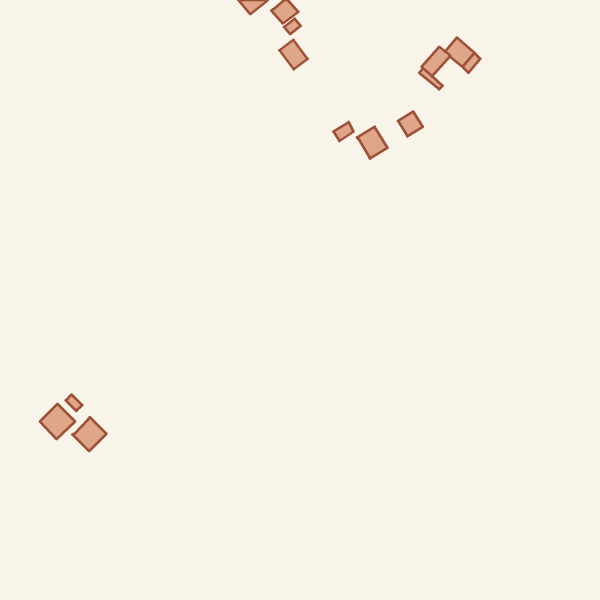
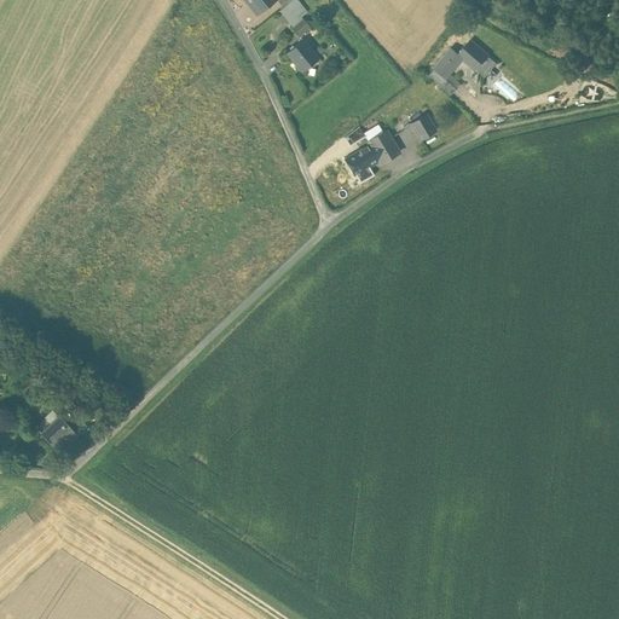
building: none -> [345,144,380,175]
building: [72,417,106,451] -> none

